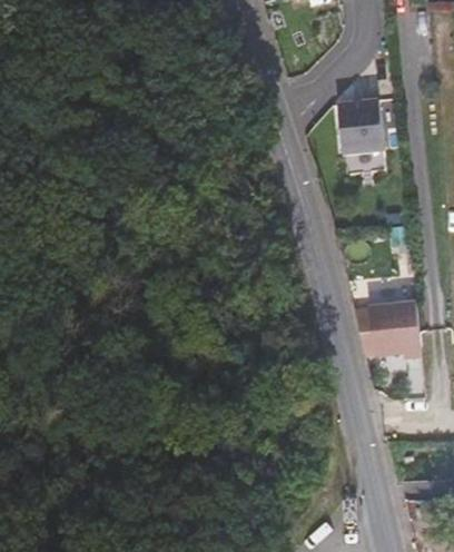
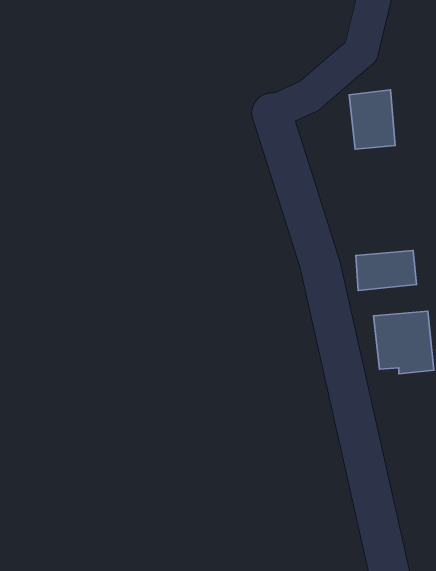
building: none -> [356,250,417,291]

